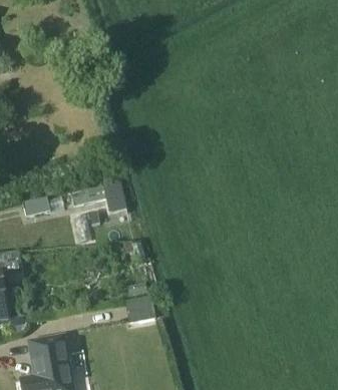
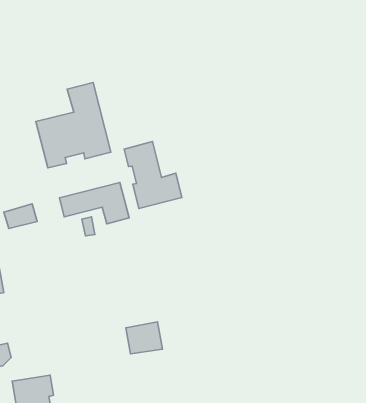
building: none -> [36,83,111,168]
building: none -> [124,142,182,209]

